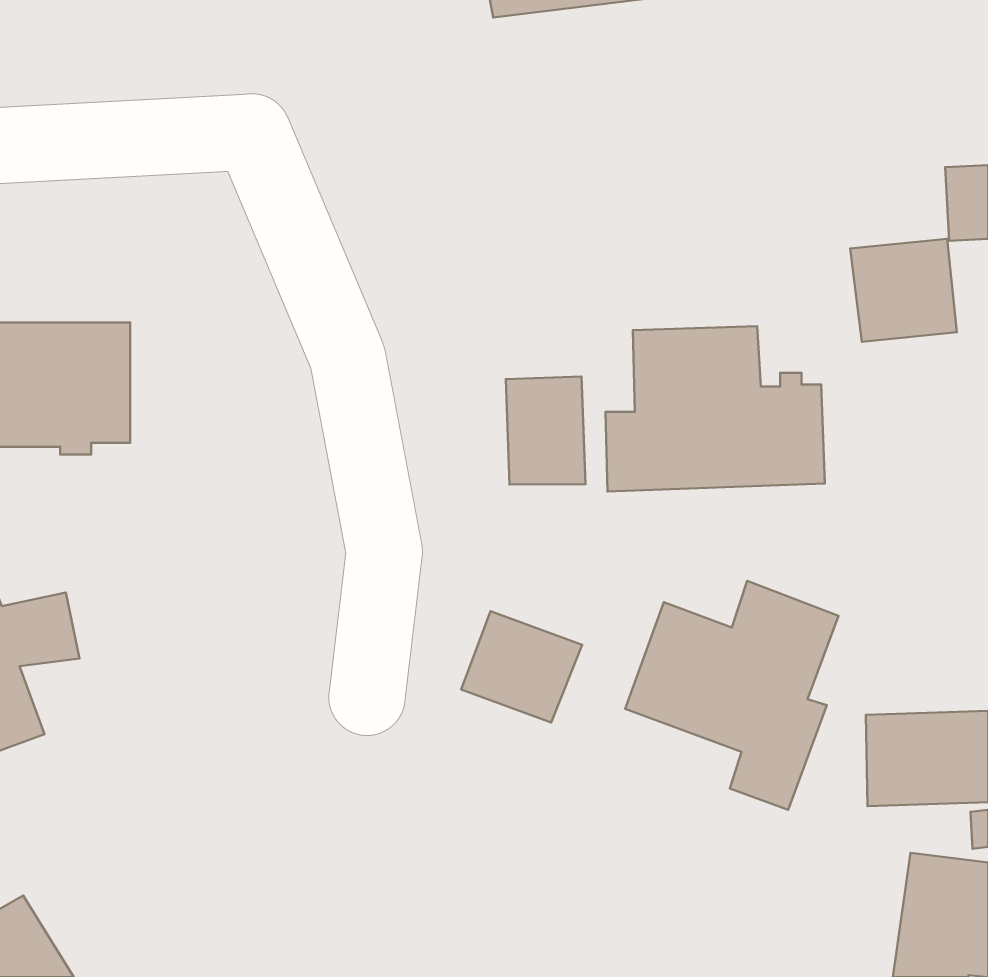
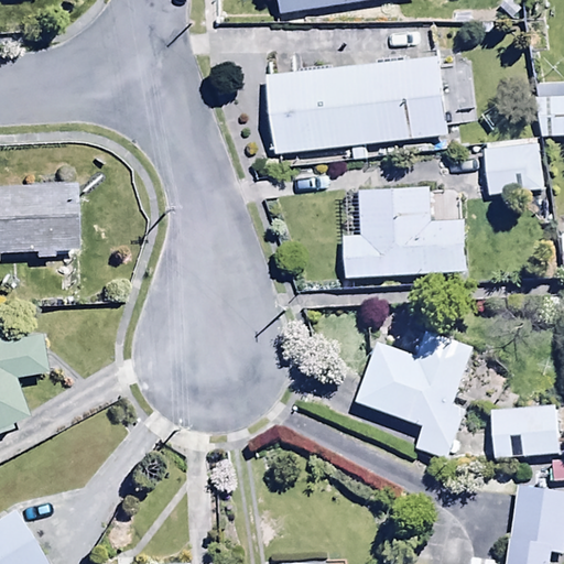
building: none -> [267,54,470,156]
building: [506,377,585,484] -> none
building: [461,611,582,723] -> none

